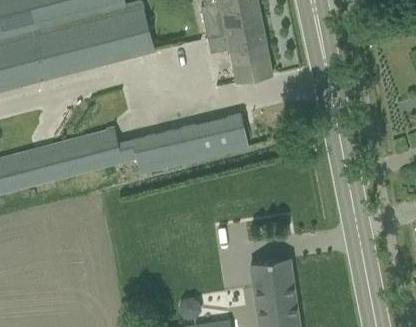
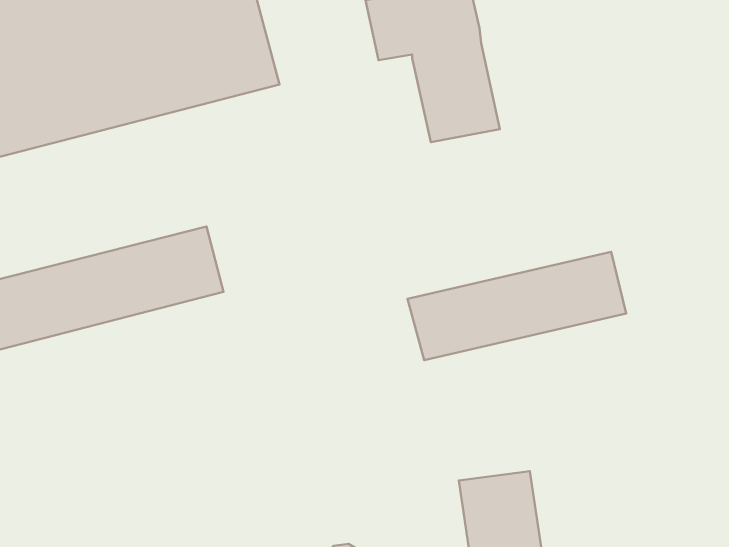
building: [132,115,249,173] -> [407,252,626,360]

